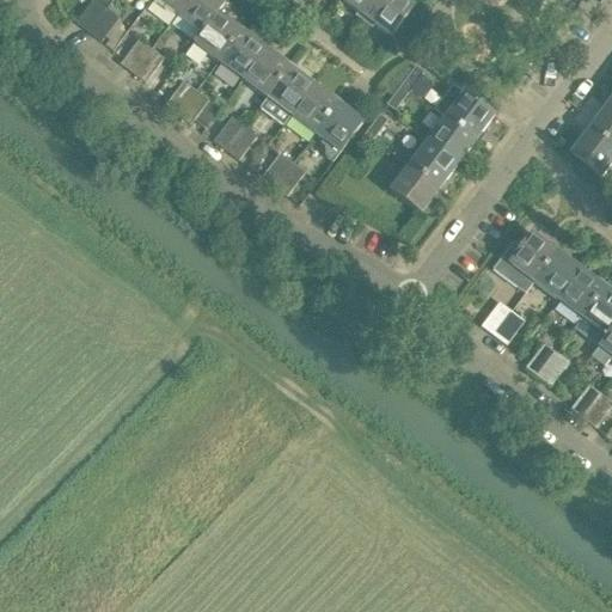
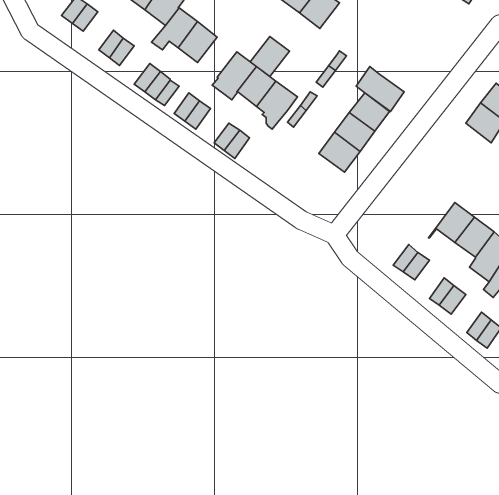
building: [243,45,290,94] -> [250,36,289,77]
building: [494,230,557,290] -> none

